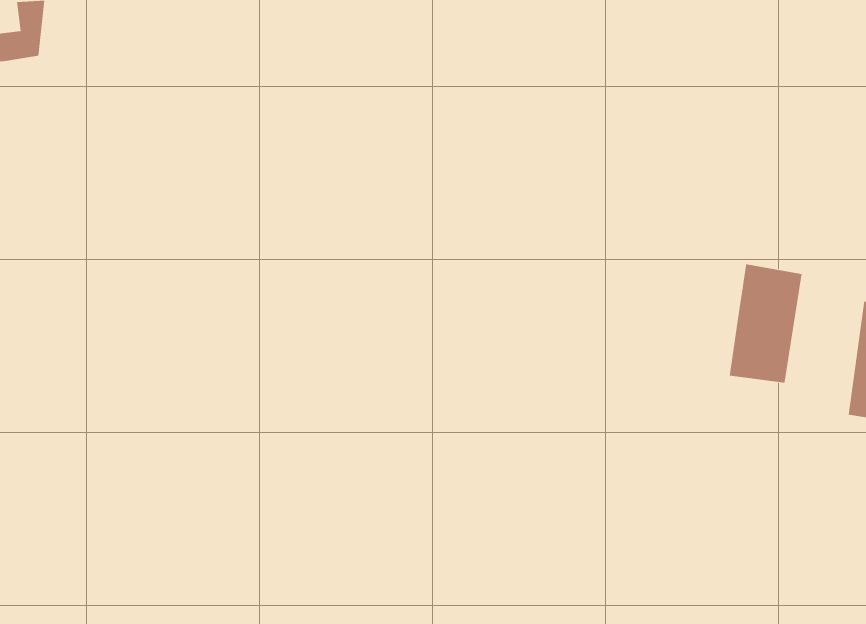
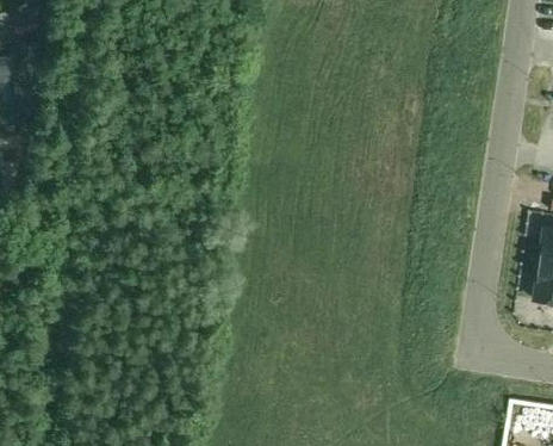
building: [729,264,802,383] -> none

